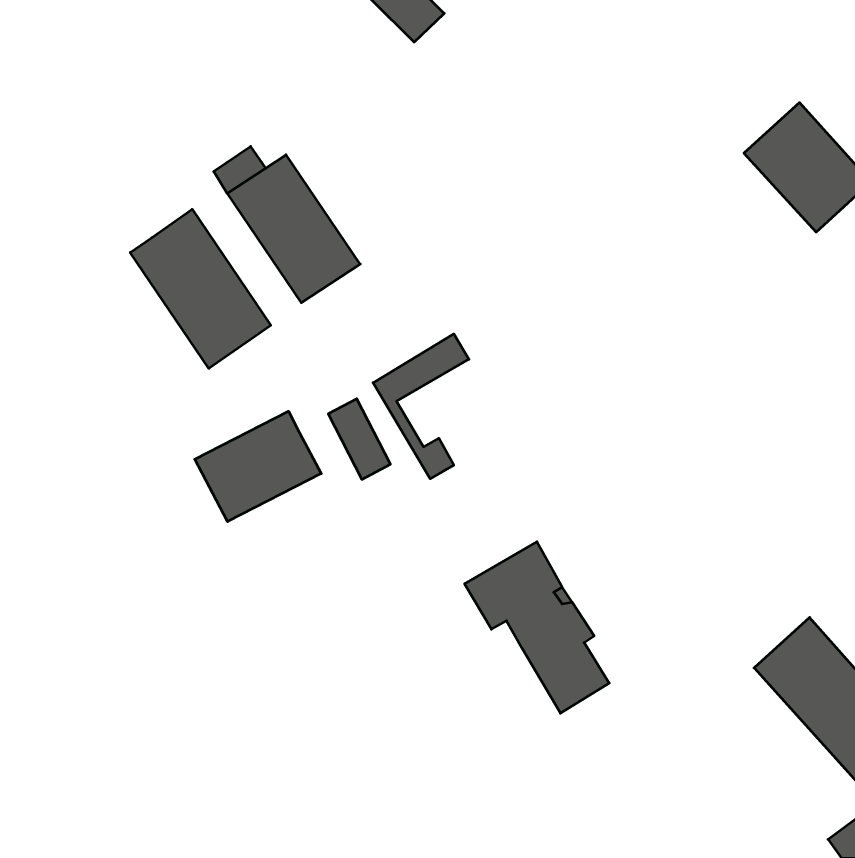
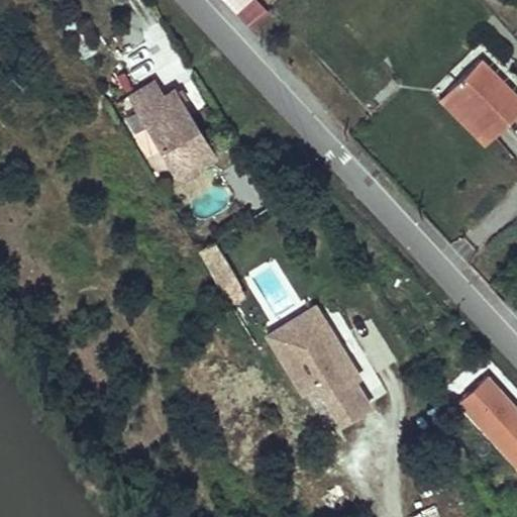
building: [130,209,271,368] -> none
building: [373,334,469,479] -> [268,310,325,397]
building: [195,411,321,522] -> none

